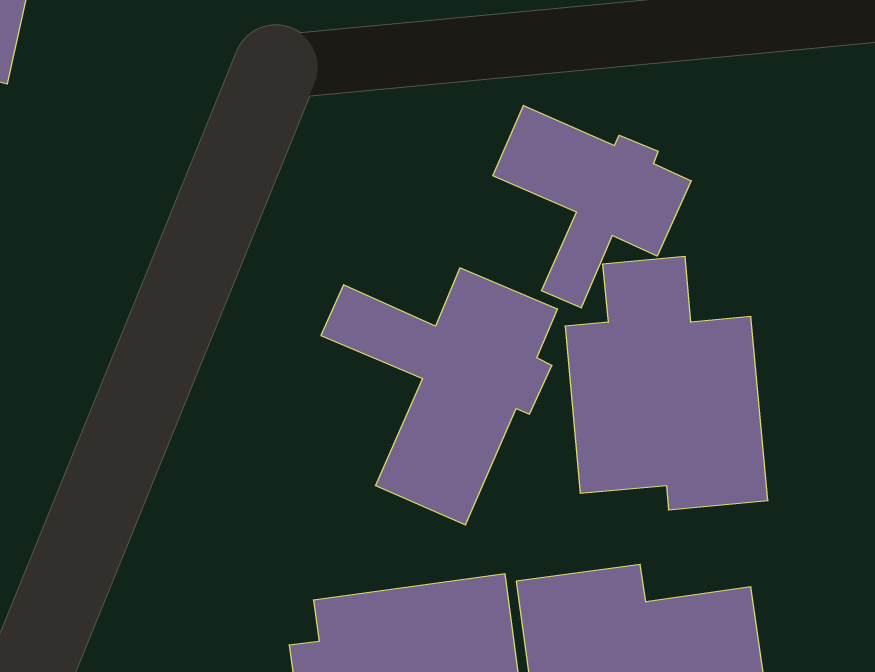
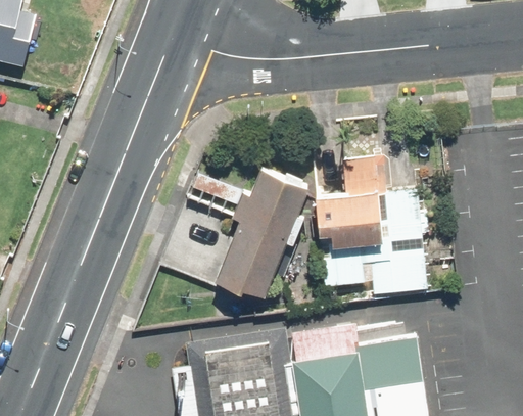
building: [493,105,691,308] -> none

